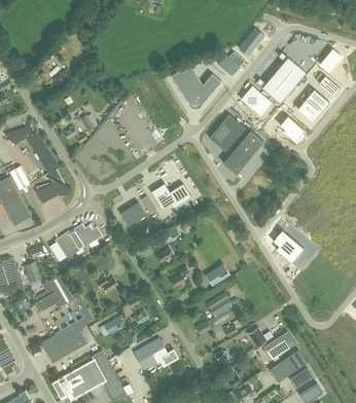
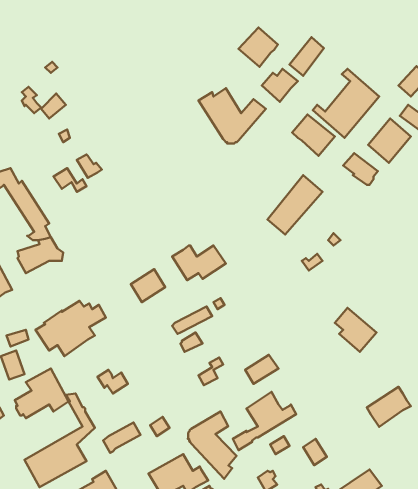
building: none -> [239,28,278,67]
building: [208,114,245,151] -> none
building: none -> [188,412,237,479]
building: [262,330,295,360] -> [367,387,411,427]

